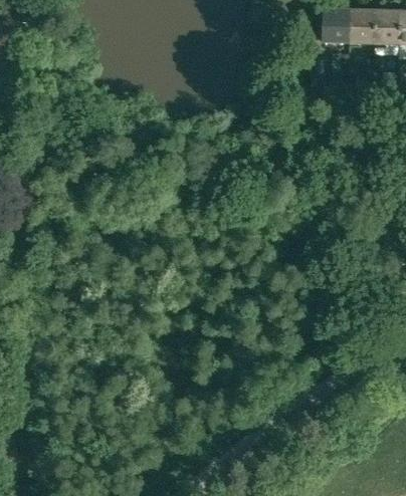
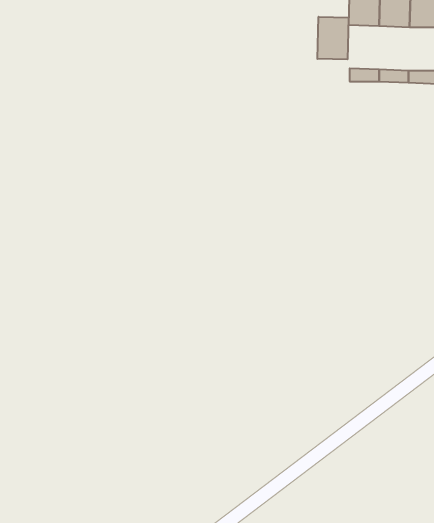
building: none -> [317,17,349,59]

